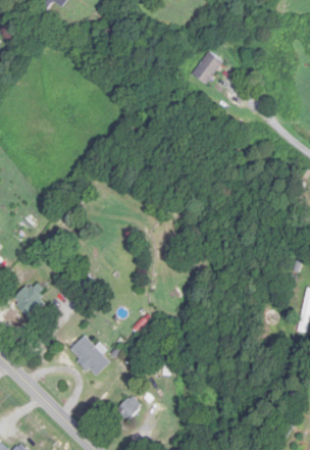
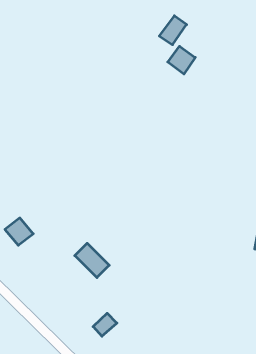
building: none -> [168,46,195,74]
building: [68,336,108,376] -> [75,243,109,278]

